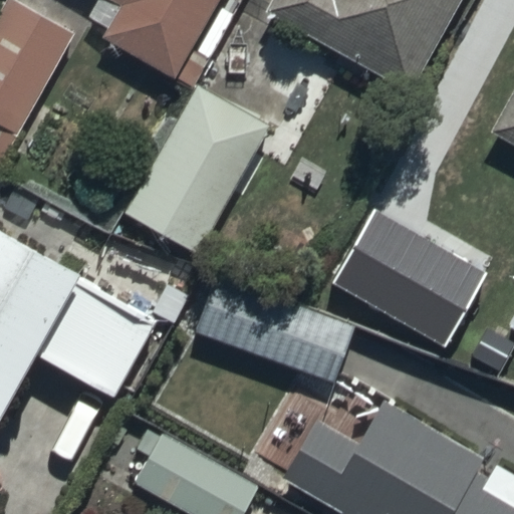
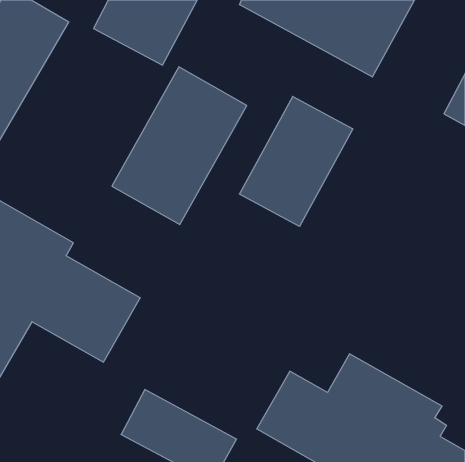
building: none -> [239,96,353,226]
building: [334,206,489,344] -> none
building: [187,275,356,386] -> none

